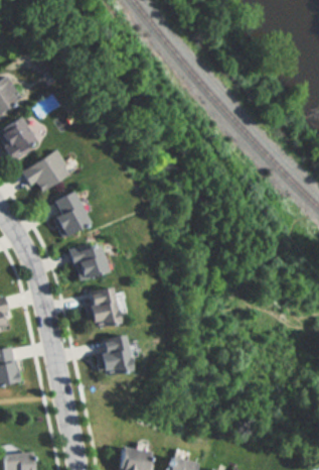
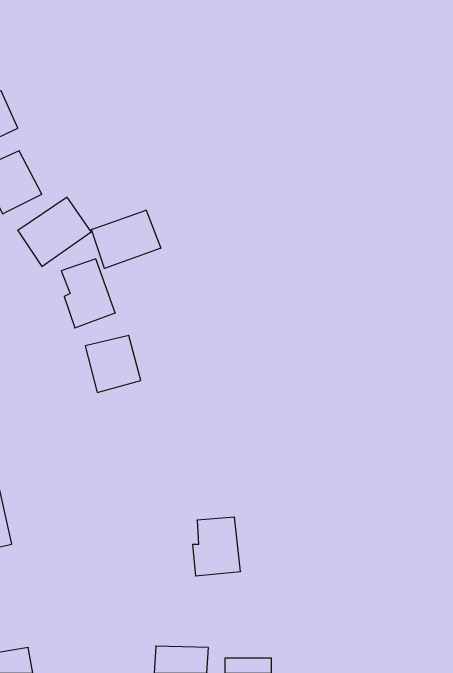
building: none -> [91,210,161,268]
building: [82,286,119,329] -> none
building: [96,336,128,375] -> [193,517,241,576]

